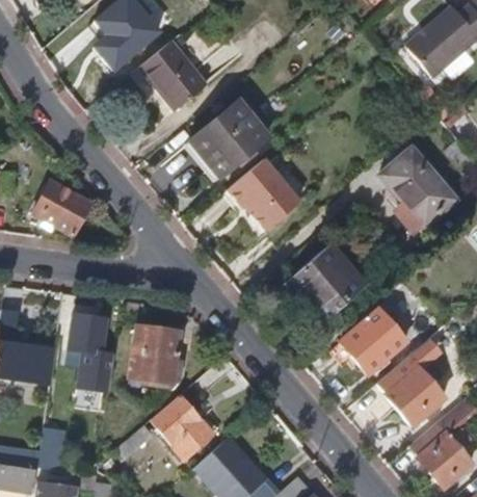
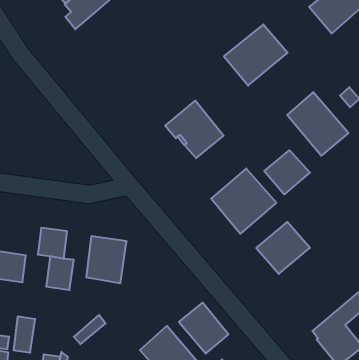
building: [140,40,209,111] -> none
building: [186,102,265,178] -> [224,24,288,86]
building: [38,185,90,236] -> none
building: none -> [264,150,310,194]
building: [376,337,444,424] -> none
building: [150,396,211,460] -> [179,303,228,354]

